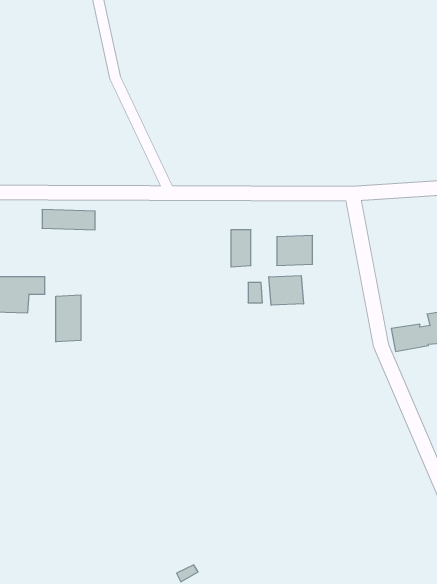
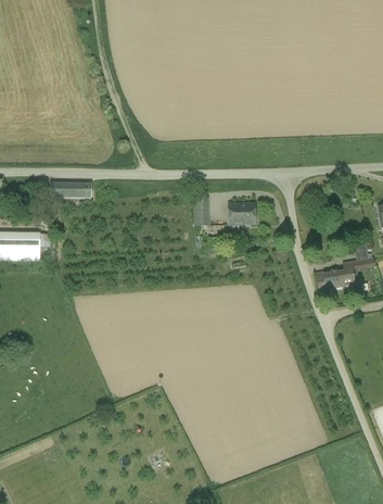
building: [269,276,303,305] -> none
building: [56,295,81,342] -> none

